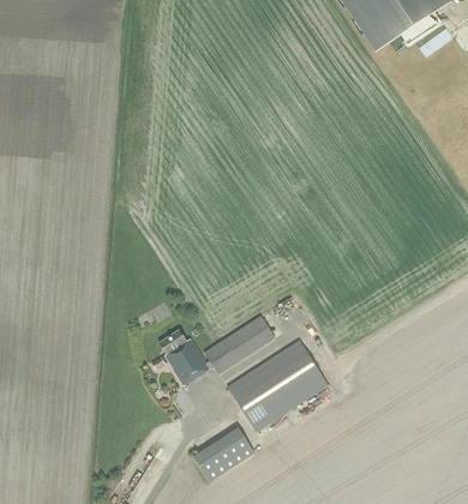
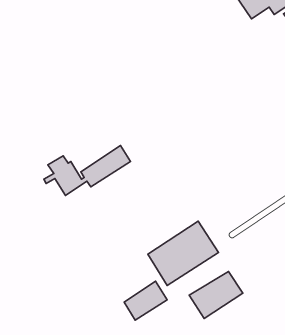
building: [152,313,276,384] -> [44,146,131,195]
building: none -> [189,271,243,318]

